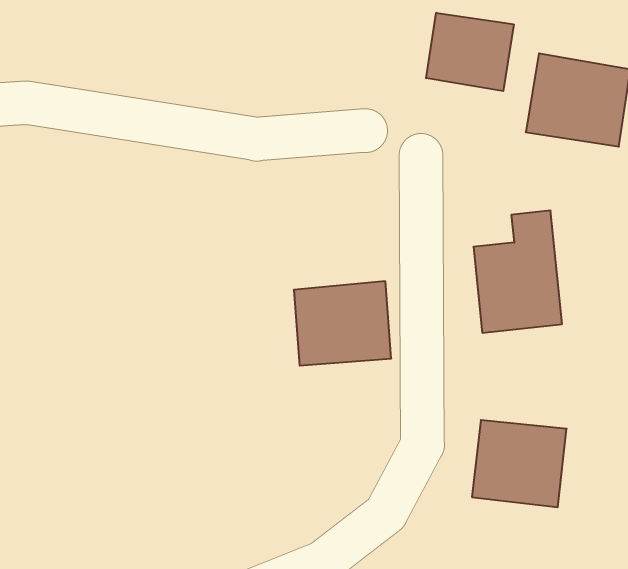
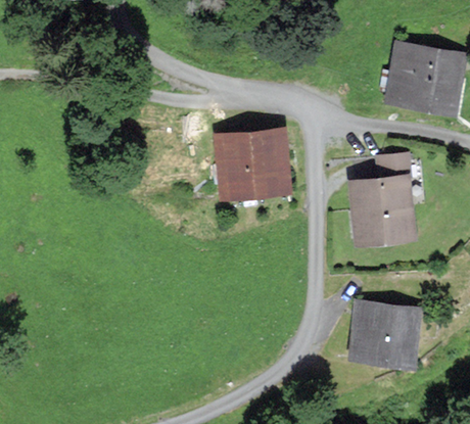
building: [426,13,514,91] -> none
building: [294,281,391,366] -> [218,132,286,191]

